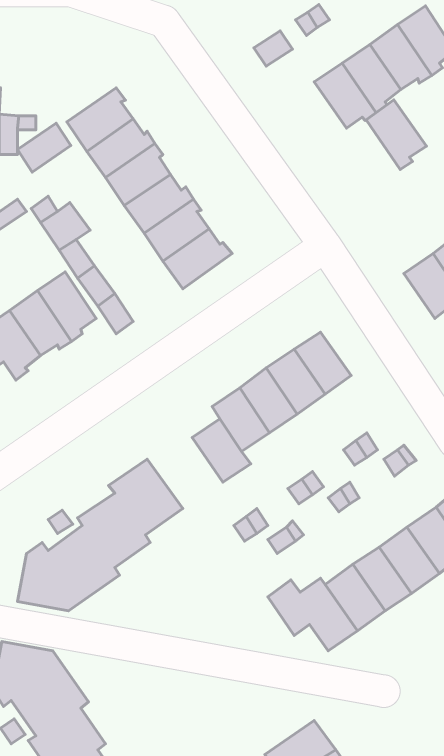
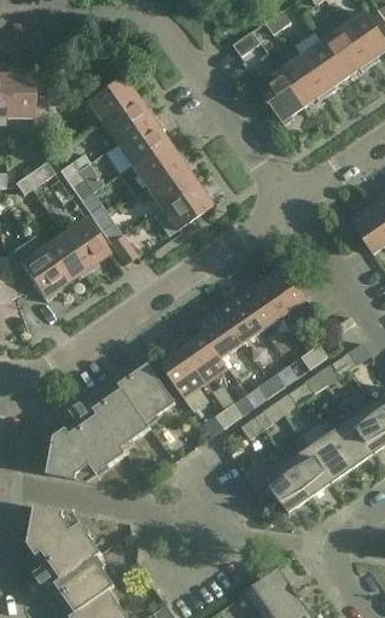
building: [366,100,426,169] -> [256,70,303,124]
building: [17,123,71,172] -> none
building: none -> [159,348,206,400]

